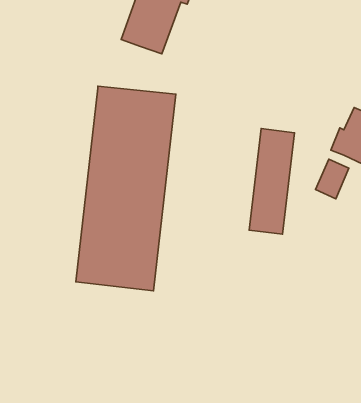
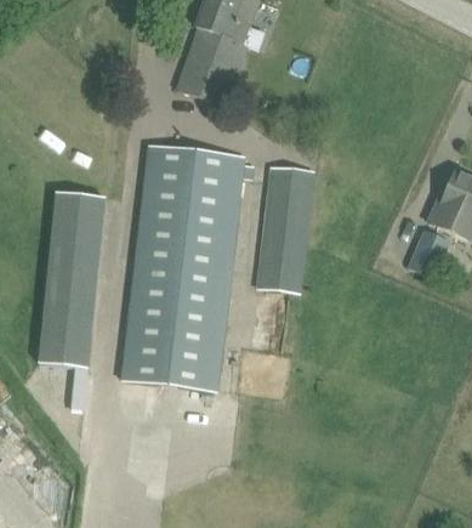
building: none -> [39,189,106,365]
building: [249,129,295,234] -> [260,166,314,293]

